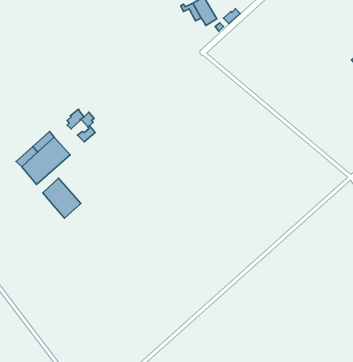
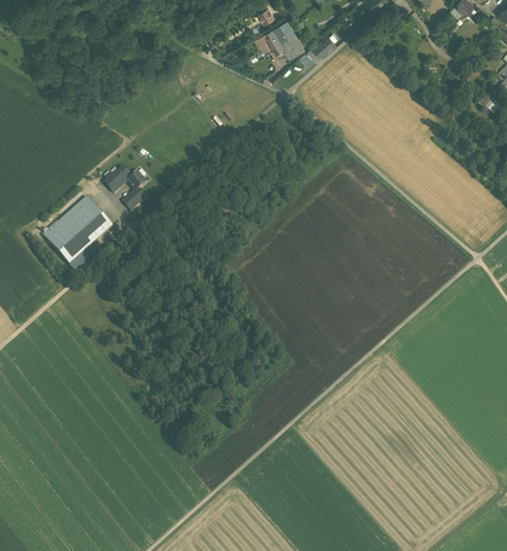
building: [43,178,81,218] -> none

